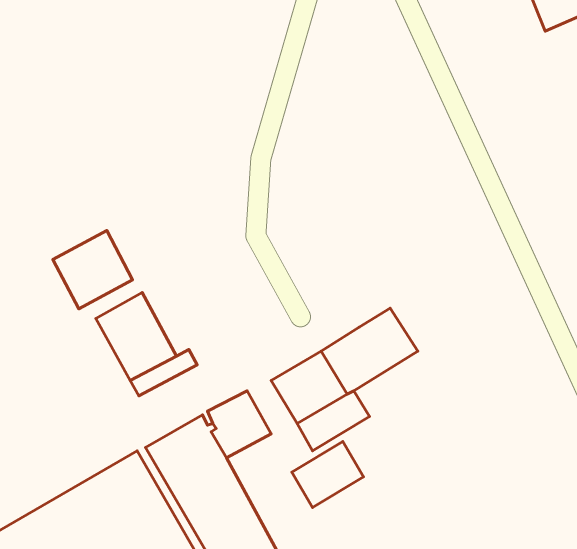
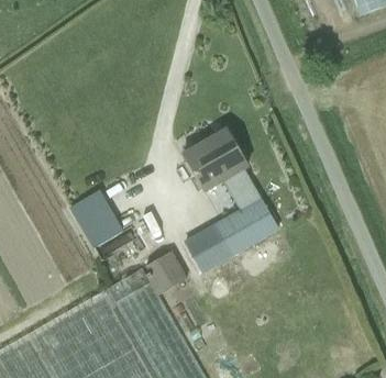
building: none -> [185,127,262,211]
building: [53,230,133,309] -> none
building: [292,442,363,507] -> none

